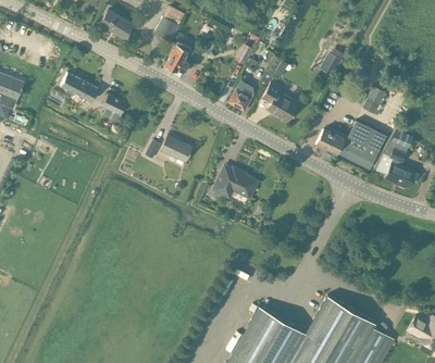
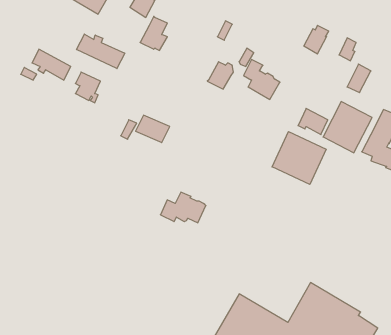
building: none -> [77,34,125,69]
building: none -> [272,132,326,184]
building: [213,168,257,198] -> [160,192,206,223]

